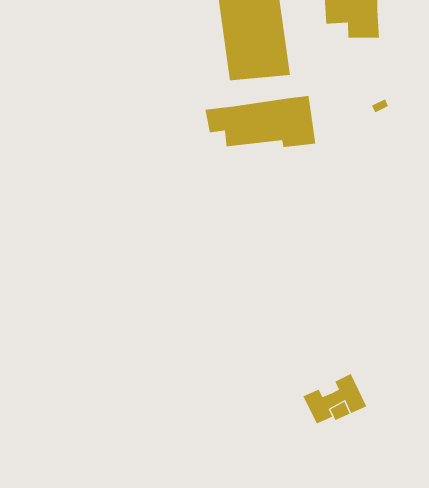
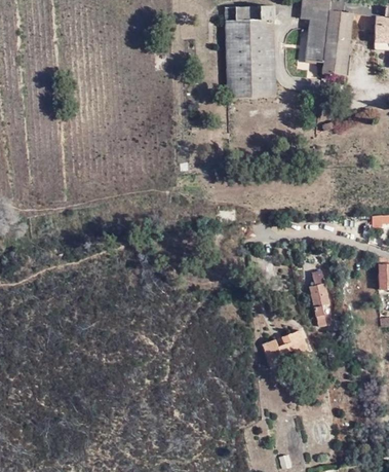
building: [205,95,316,148] -> none
building: none -> [306,268,326,325]

